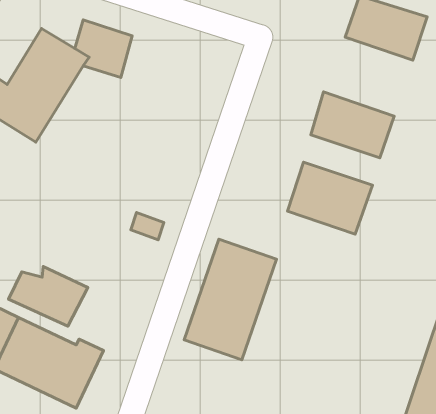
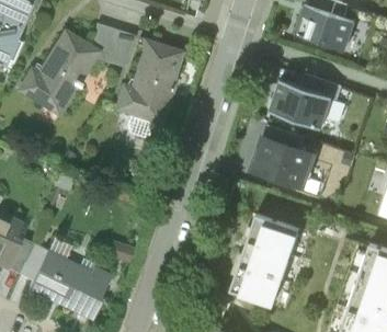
building: none -> [116,39,185,125]
building: [184,239,276,360] -> [229,213,299,305]
building: [9,266,88,326] -> none

